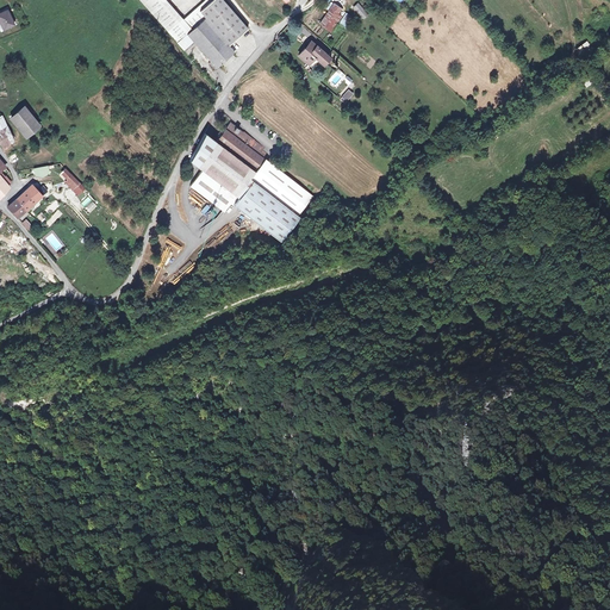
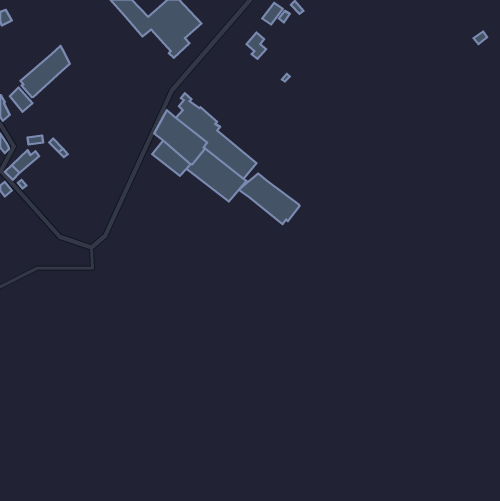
building: none -> [20,46,70,97]
building: none -> [239,174,299,224]

